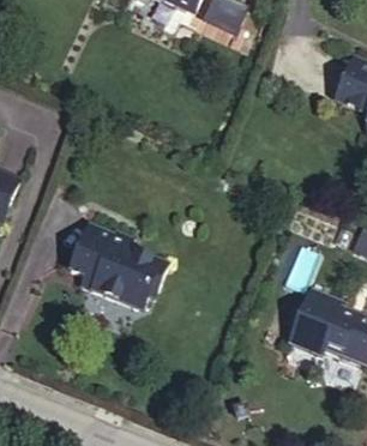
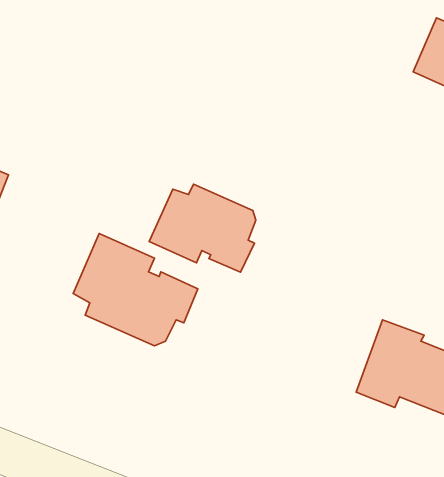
building: none -> [149,184,256,272]

